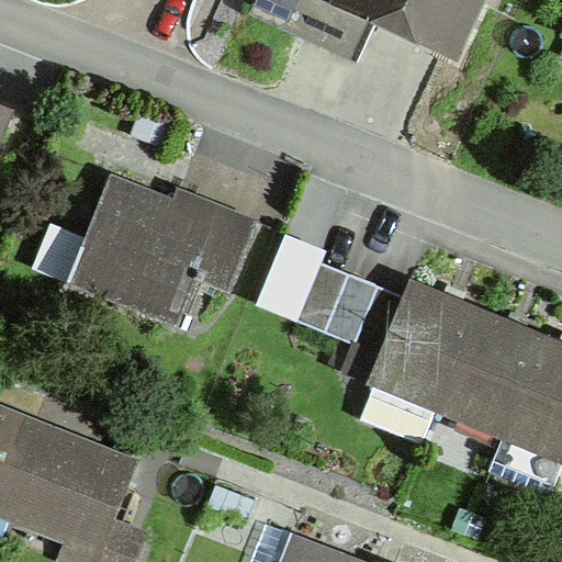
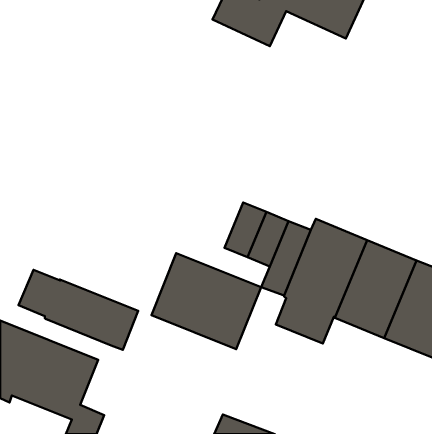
building: [67,175,250,325] -> none
building: none -> [151,253,261,349]
building: none -> [19,270,138,350]

